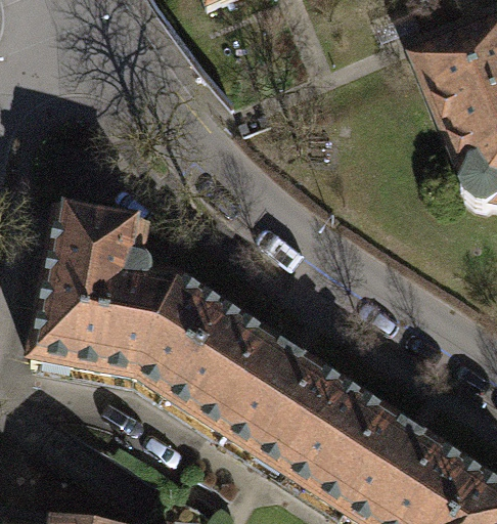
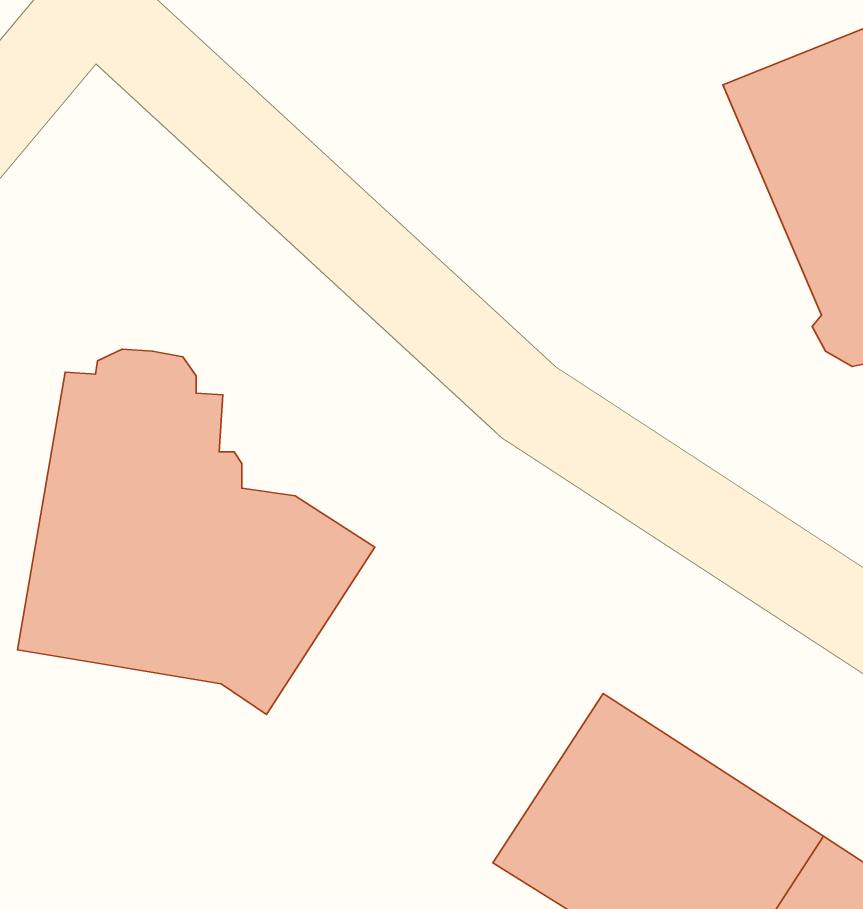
building: [168,304,349,474] -> none

